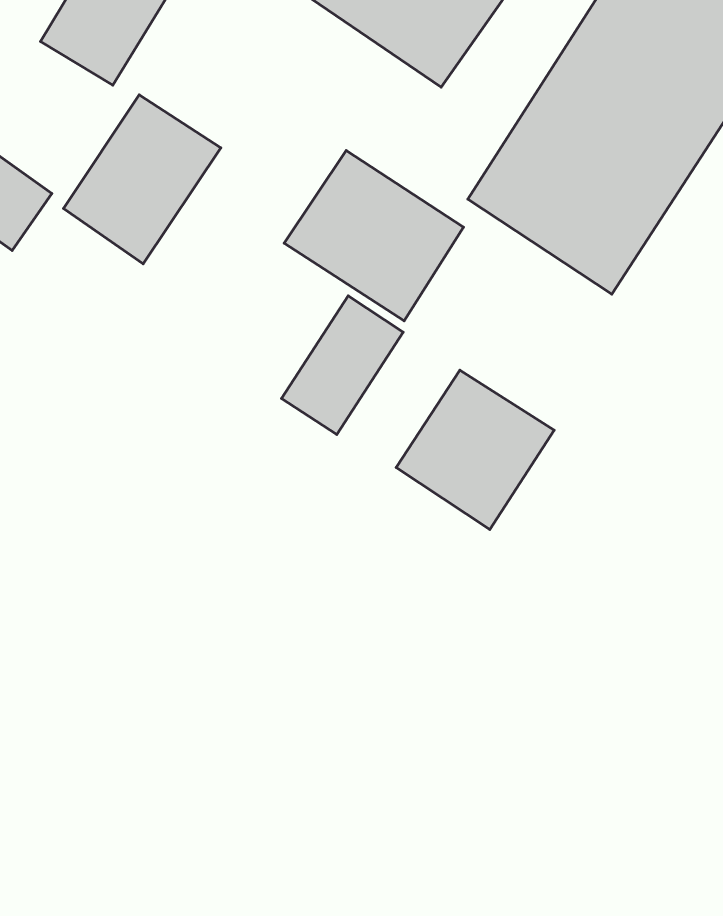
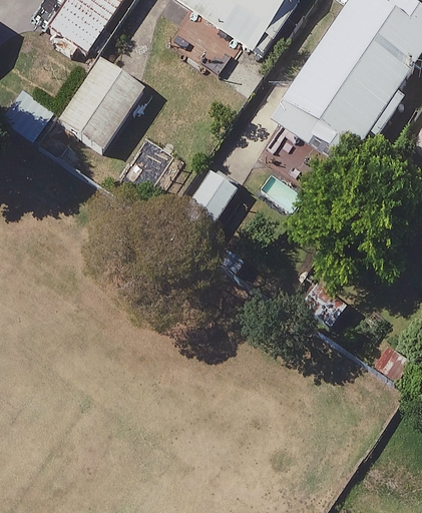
building: [284,150,463,321] -> none
building: [396,370,554,529] -> none

